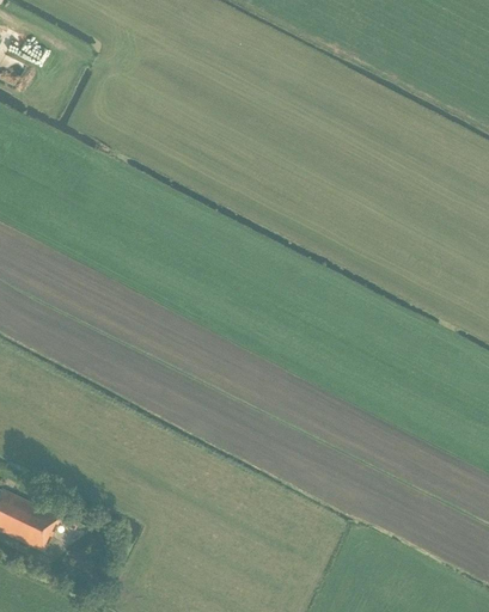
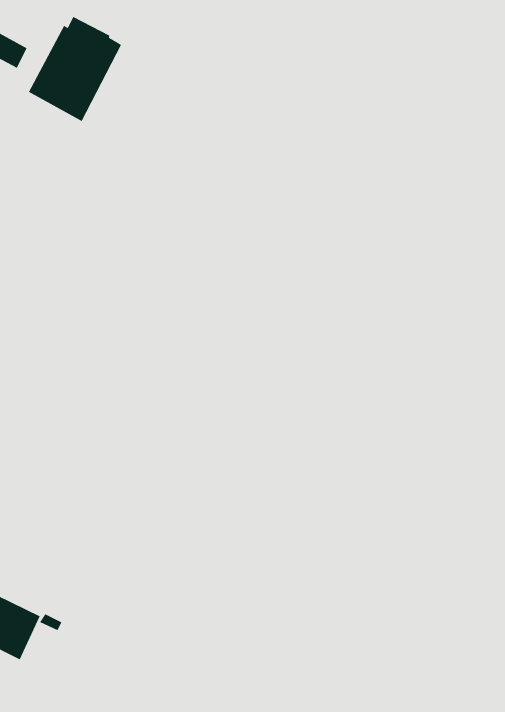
building: none -> [28,16,122,122]

